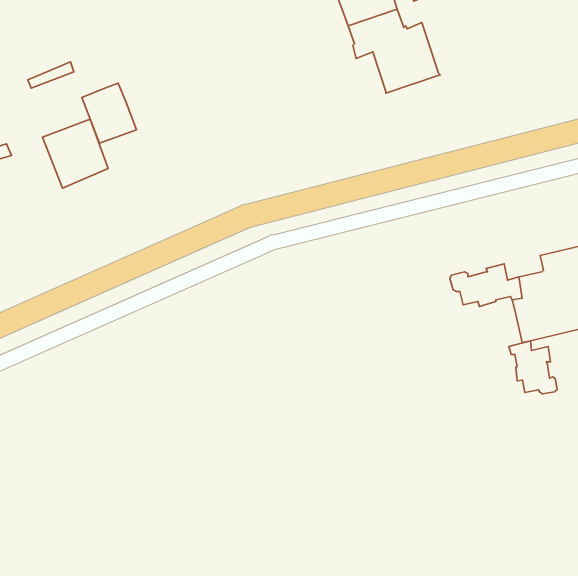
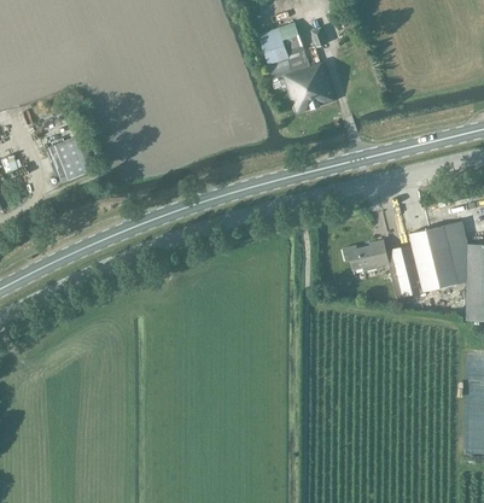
building: [82,83,137,143] -> none
building: [509,341,557,394] -> none

